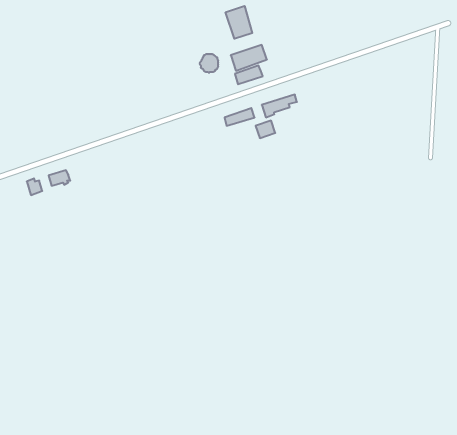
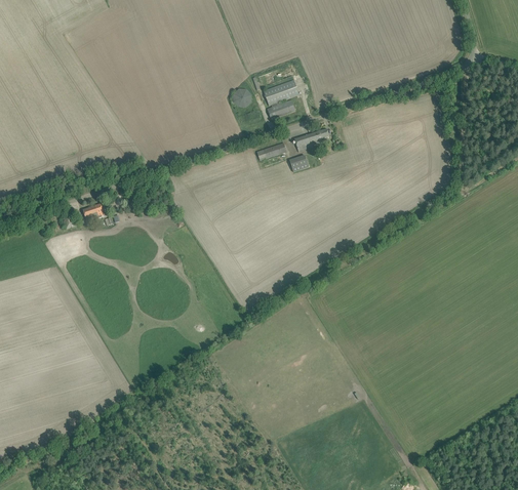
building: [226,6,252,39] -> none

